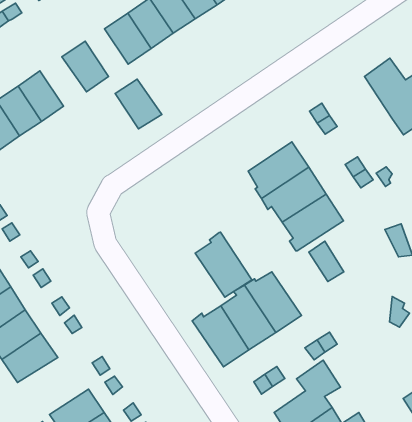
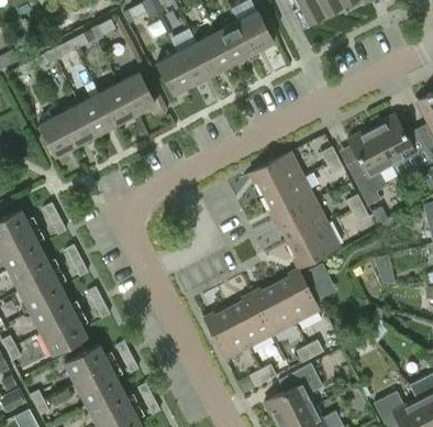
building: none -> [346,128,390,207]
building: [115,79,162,129] -> [98,84,135,125]
building: none -> [248,152,303,197]
building: [195,232,252,297] -> [275,269,320,324]
building: none -> [64,344,110,384]

